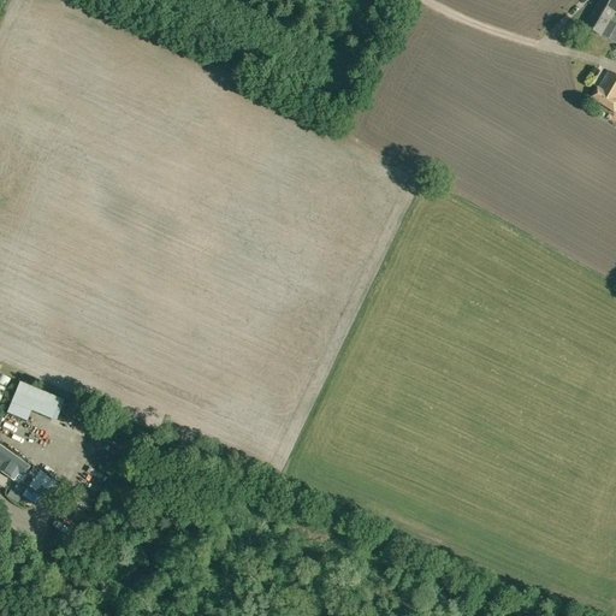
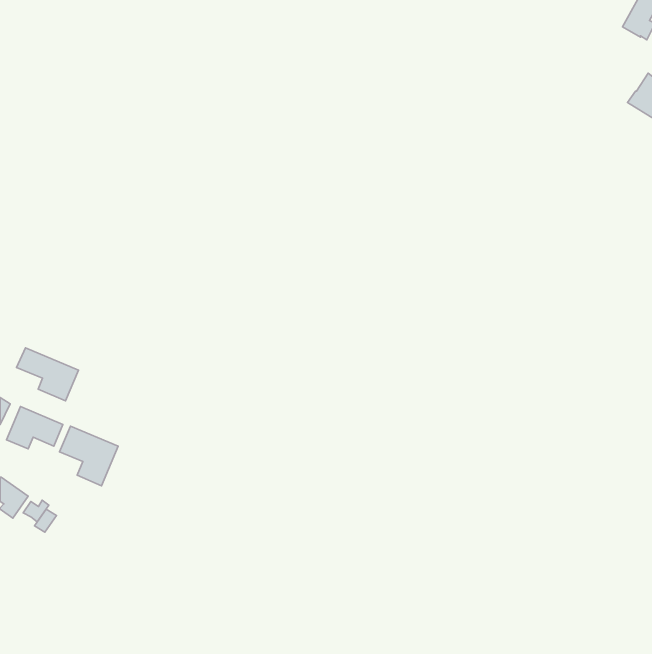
building: none -> [17,348,78,401]
building: none -> [59,426,118,486]

